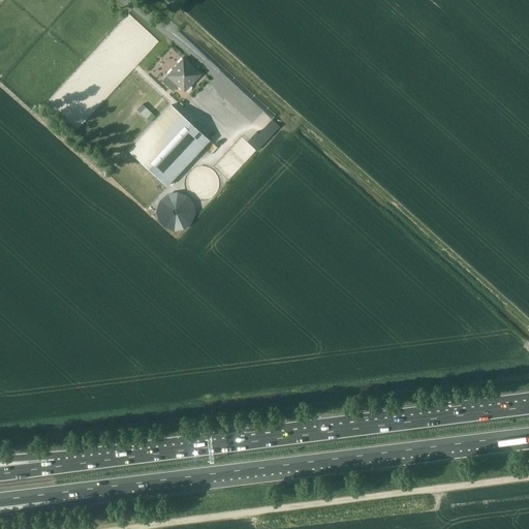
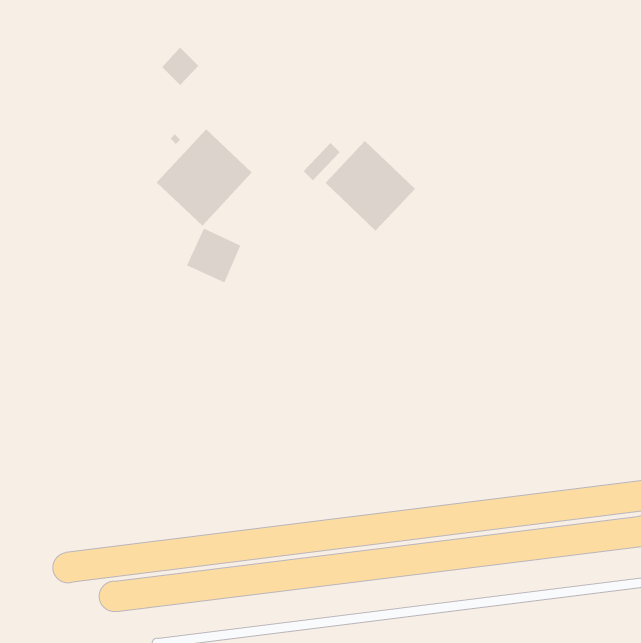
building: [168,60,199,92] -> [161,47,199,86]
building: none -> [325,140,416,232]

